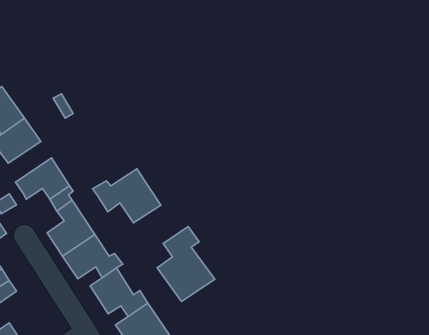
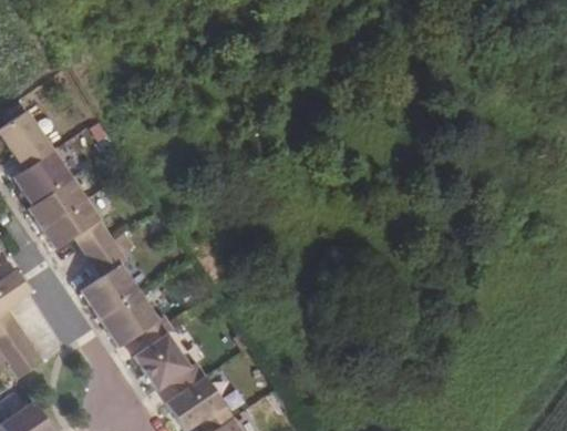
building: none -> [29,177,86,227]
building: [92,169,161,223] -> none
building: [157,226,215,302] -> none

